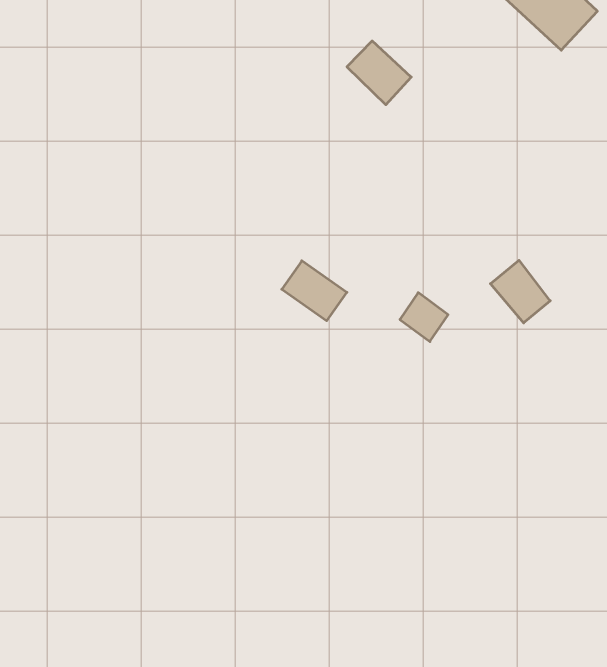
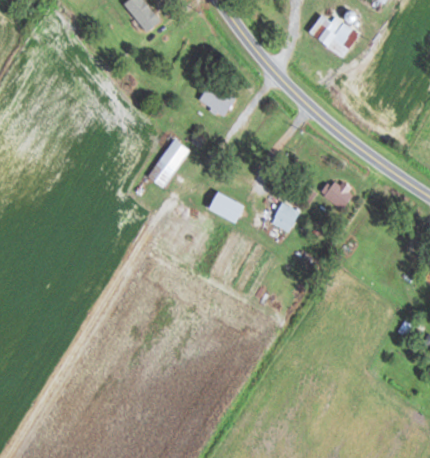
building: [347,41,411,105] -> [199,83,235,117]
building: none -> [148,139,188,188]

